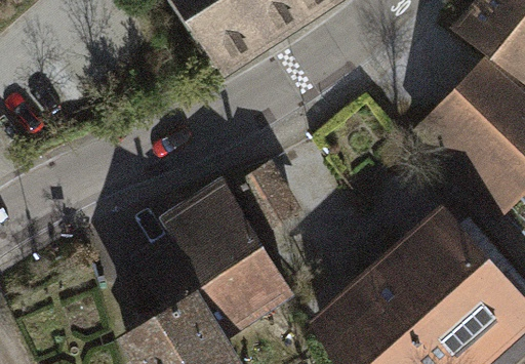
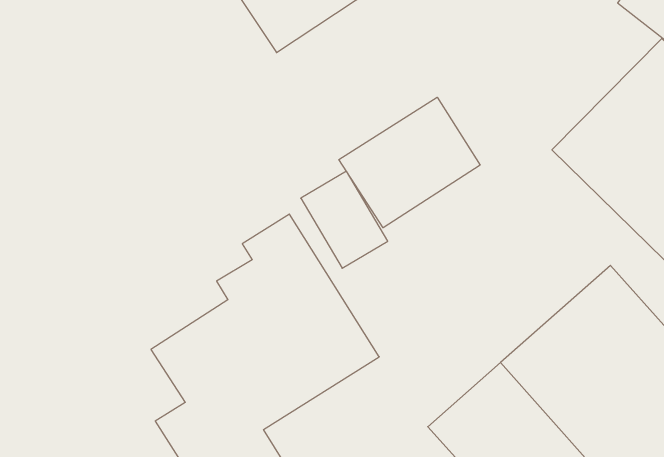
building: none -> [339,97,480,228]

